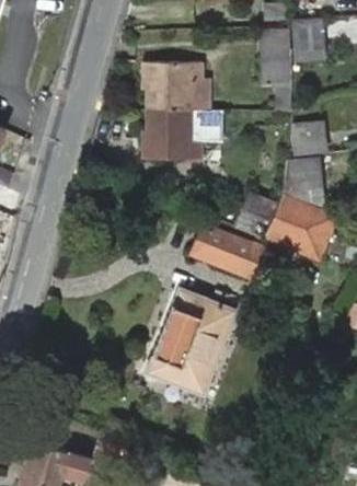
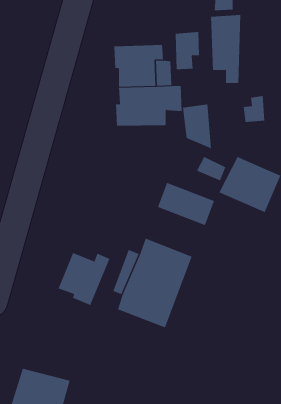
building: [296,16,325,61] -> [175,32,200,70]
building: [290,155,325,209] -> [182,104,212,149]
building: none -> [58,252,110,306]

